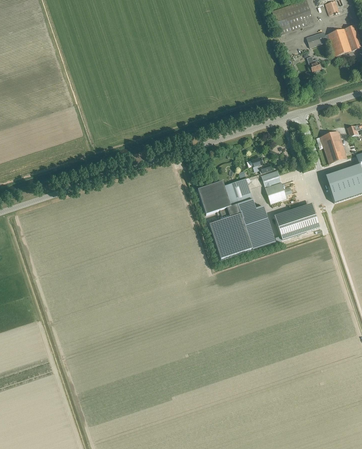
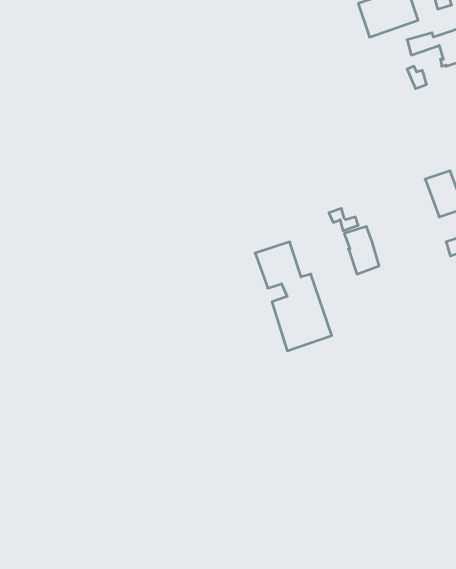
building: [223,178,275,248] -> none
building: [274,202,320,239] -> none

